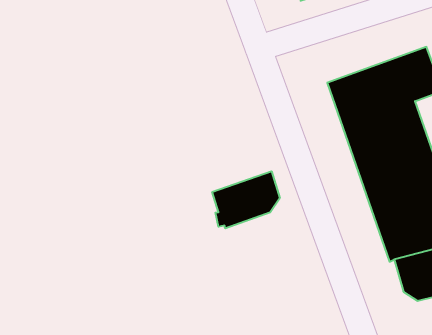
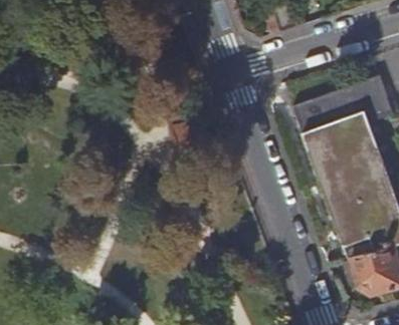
building: [212,171,280,228] -> none

